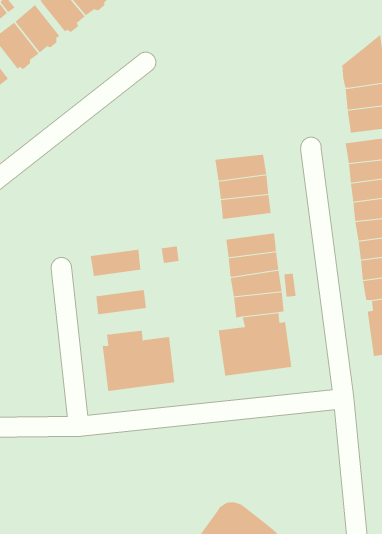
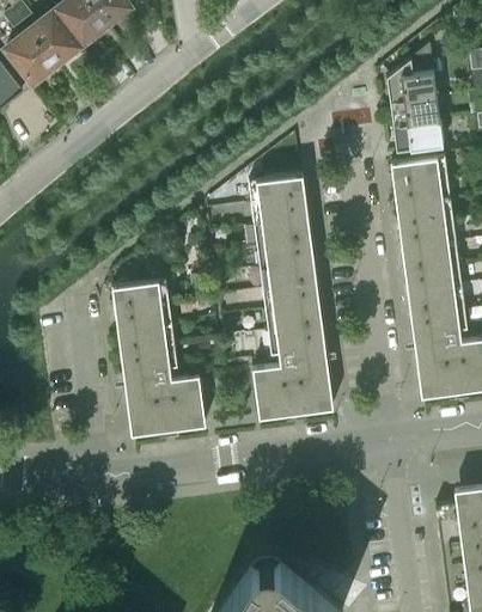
building: none -> [257,241,315,270]
building: none -> [116,304,172,332]
building: none -> [121,345,177,375]

